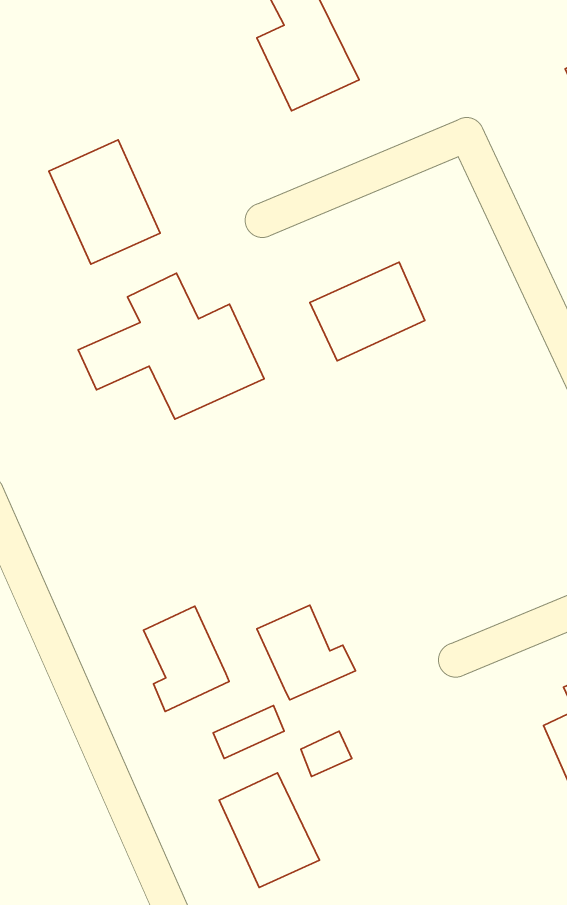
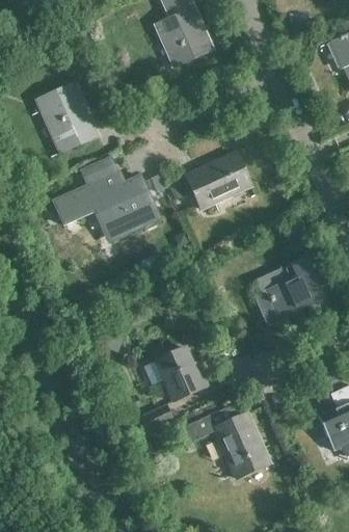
building: none -> [254,257,321,319]
building: [143,606,229,712] -> none
building: [219,773,319,888] -> [214,414,271,479]

